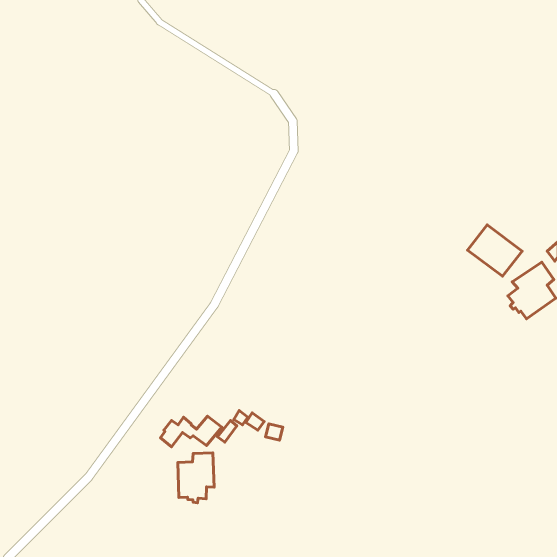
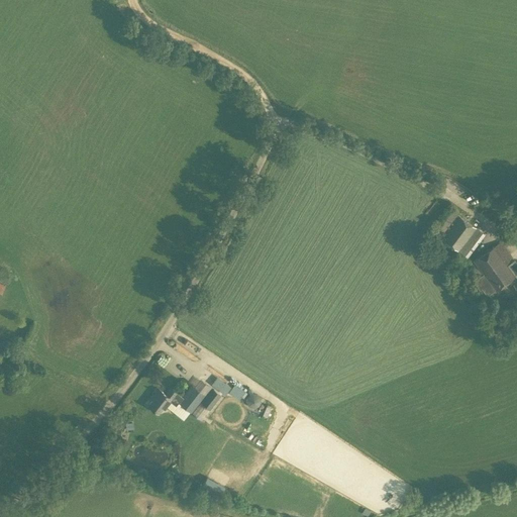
building: [178,453,214,503] -> none

